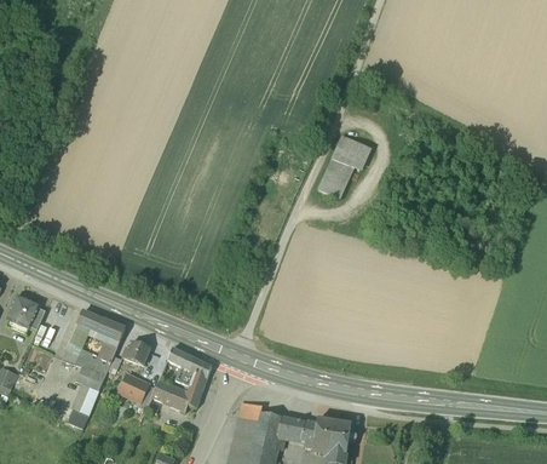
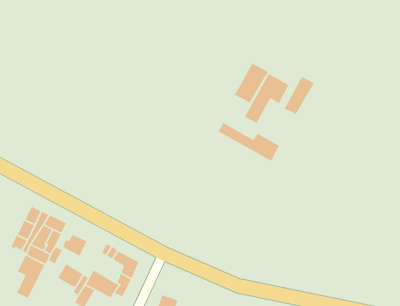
building: none -> [234,63,269,104]
building: none -> [283,76,315,115]
building: none -> [217,122,280,162]

